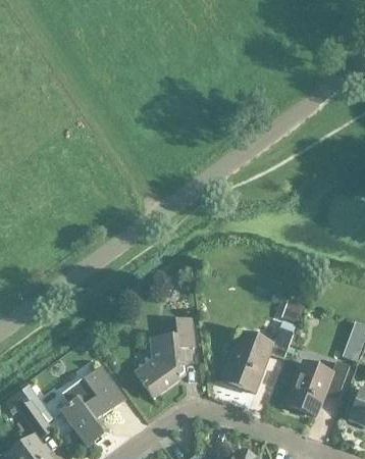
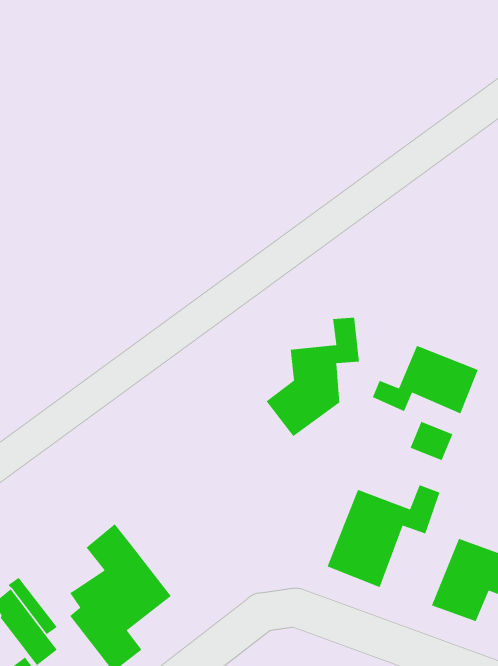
building: none -> [372,345,479,414]
building: [134,318,193,394] -> [265,317,360,437]

